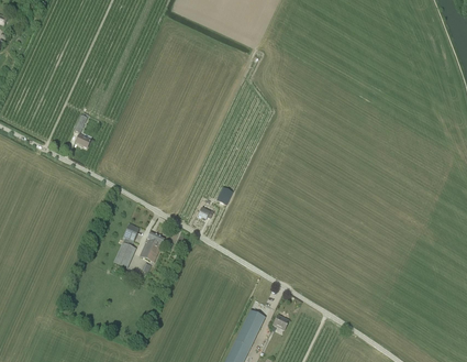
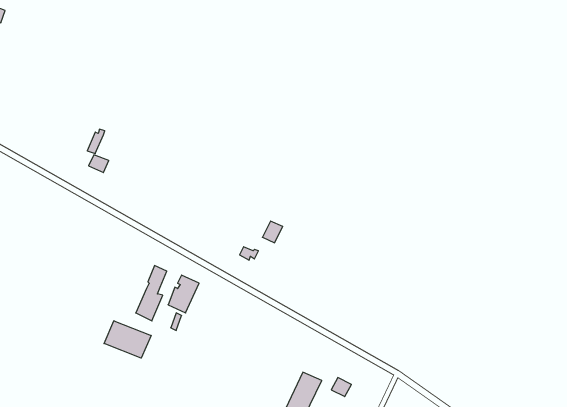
building: none -> [104,321,151,358]

